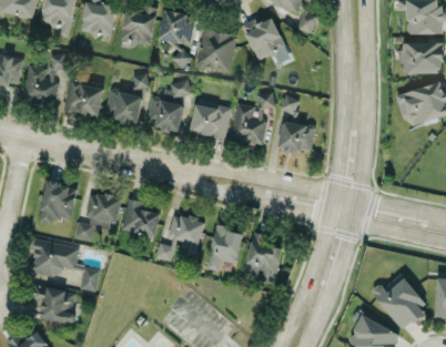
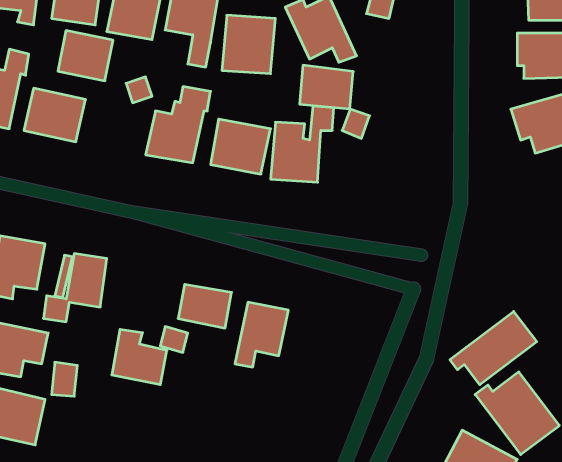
building: [104,90,142,124] -> [58,31,113,81]
building: [277,122,314,152] -> [300,65,353,109]
building: [122,200,160,237] -> [112,329,167,385]
building: none -> [450,311,537,385]
building: [243,235,283,284] -> none

